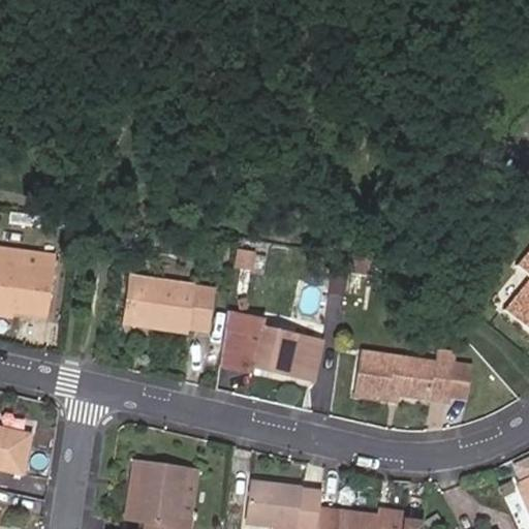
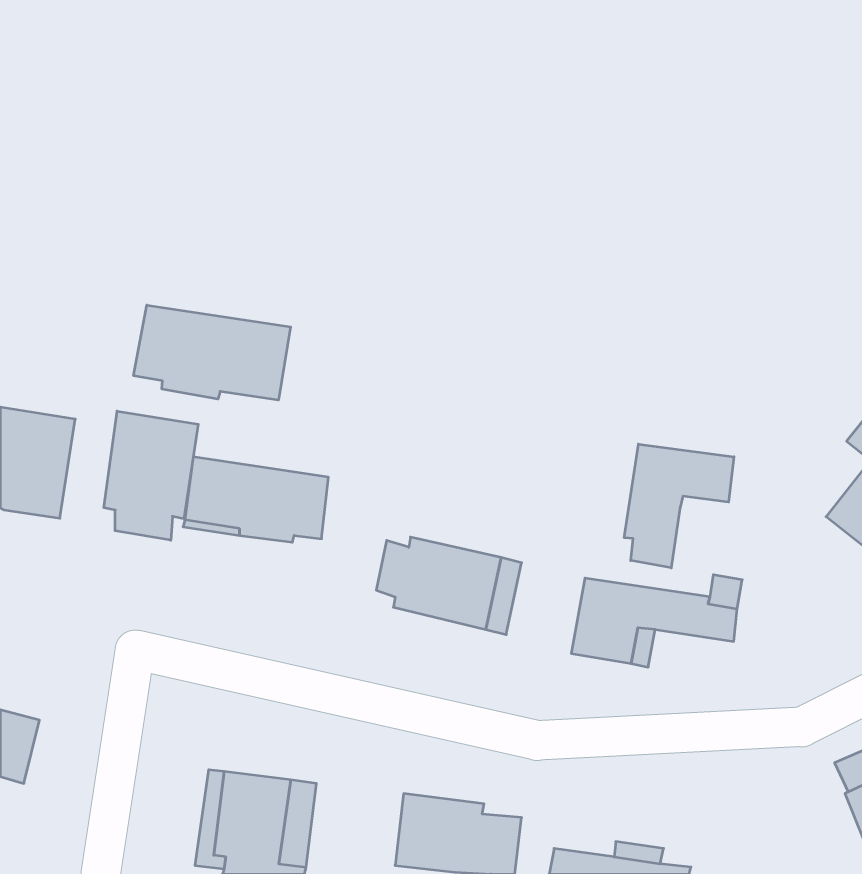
building: none -> [134,305,291,400]
building: none -> [104,411,198,540]
building: none -> [624,444,734,568]

